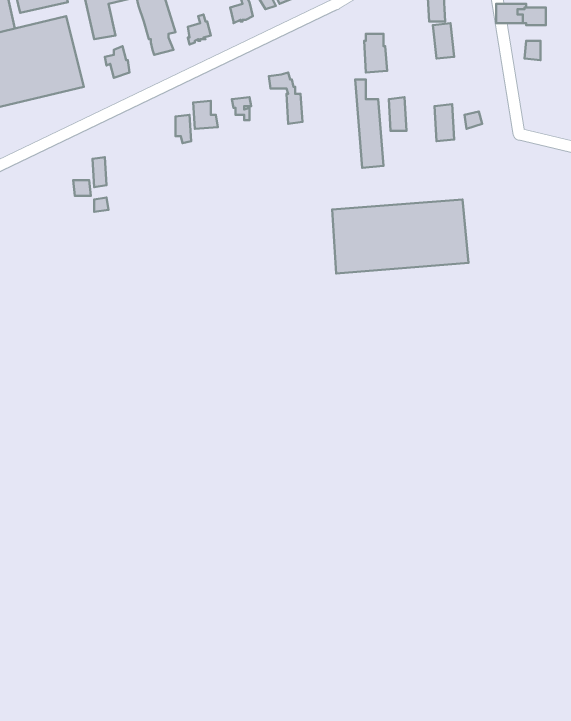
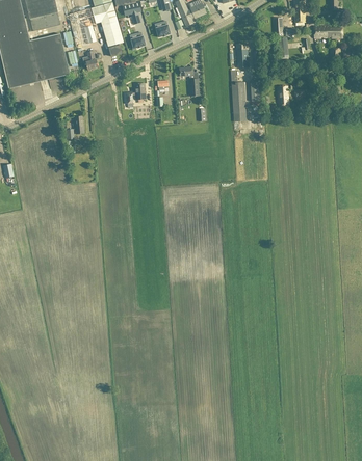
building: [332,200,468,274] -> none

